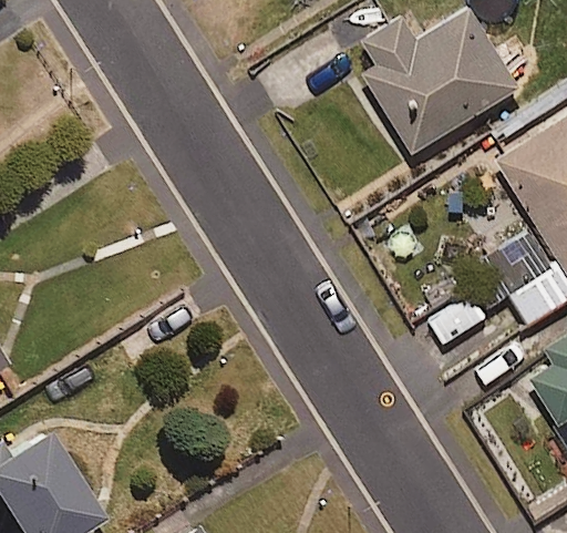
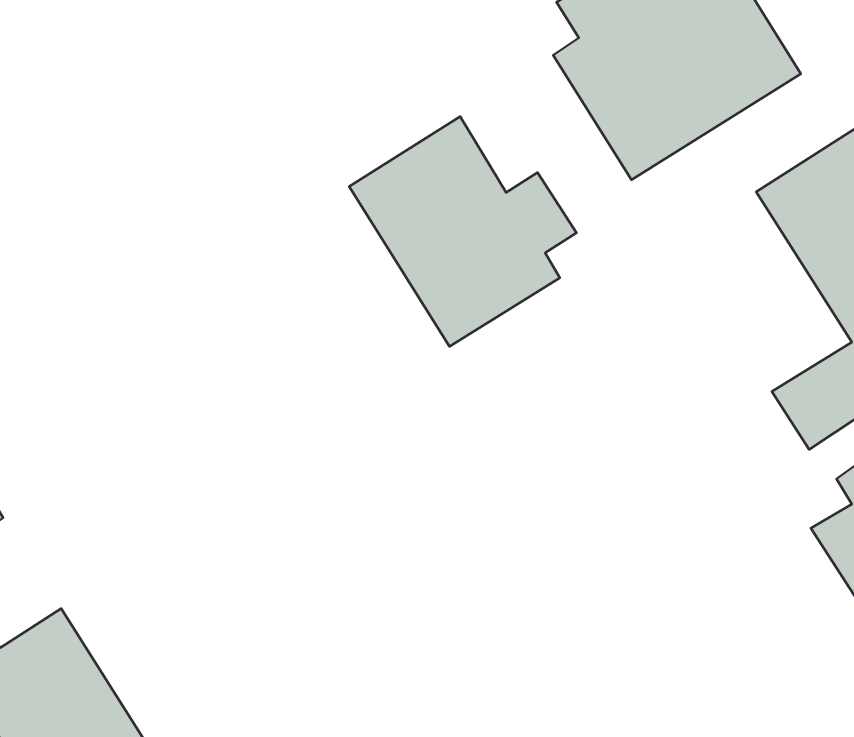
building: none -> [349,116,577,347]

